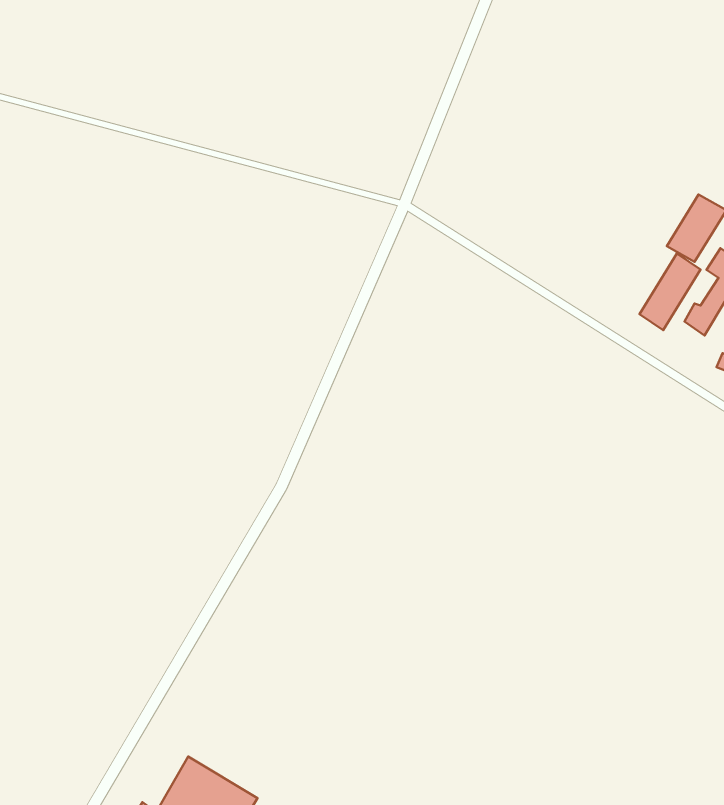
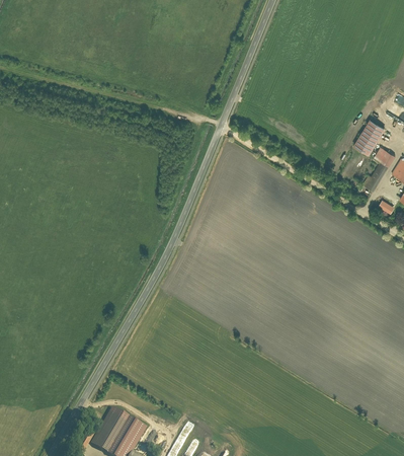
building: [639,253,701,330] -> none

